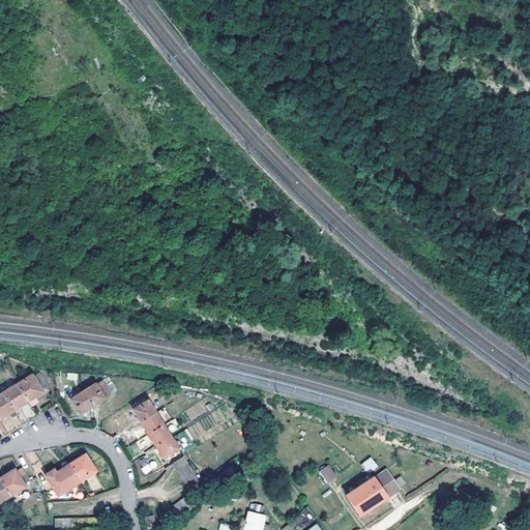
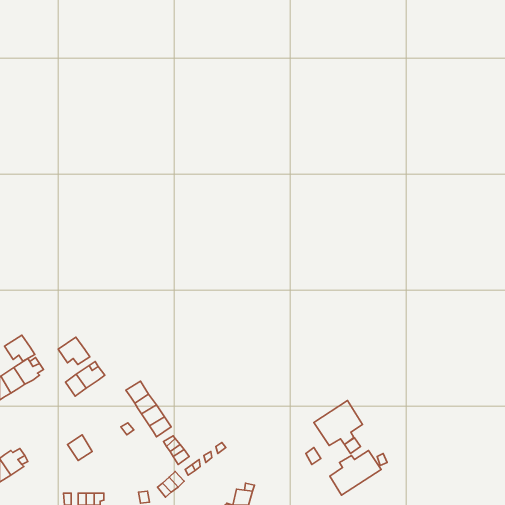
building: none -> [4,335,35,361]
building: none -> [58,337,90,365]
building: none -> [314,400,363,445]
building: [45,463,82,496] -> none

